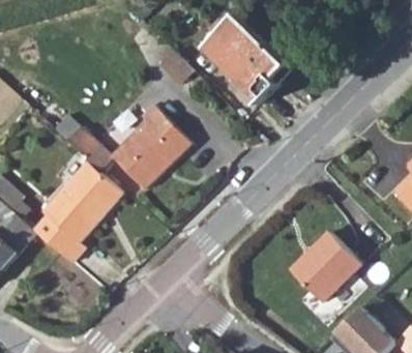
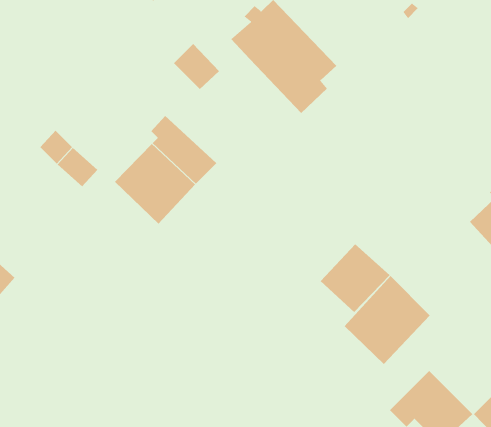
building: [36,166,122,265] -> none
building: none -> [320,244,390,313]

